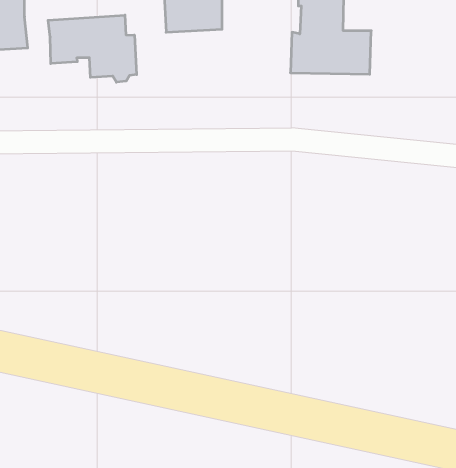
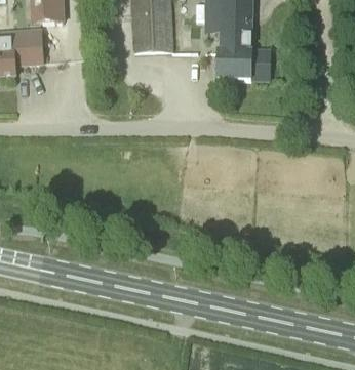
building: [48,15,137,82] -> none

